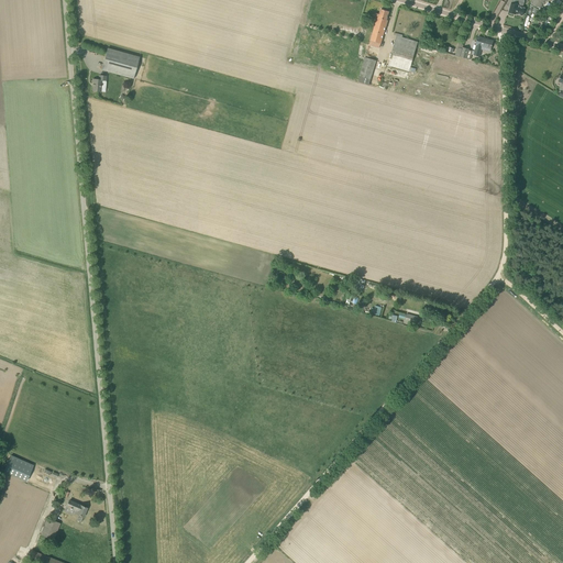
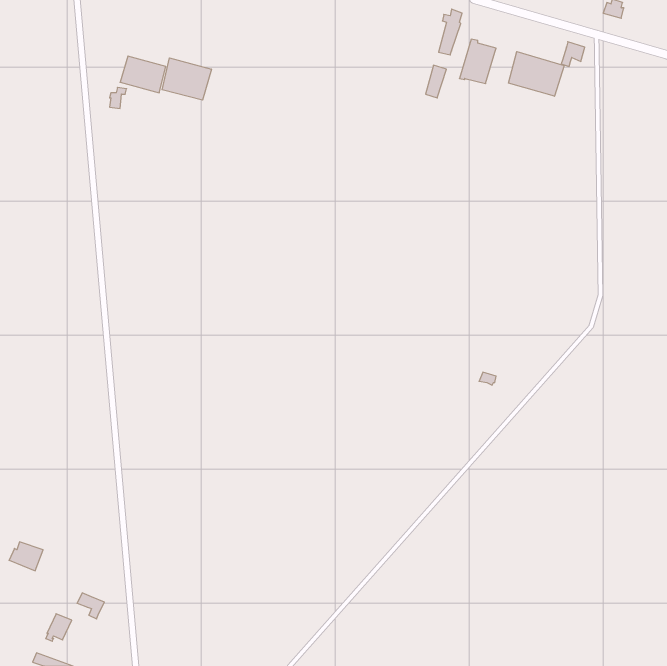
building: none -> [509,52,564,96]
building: none -> [162,58,211,100]

